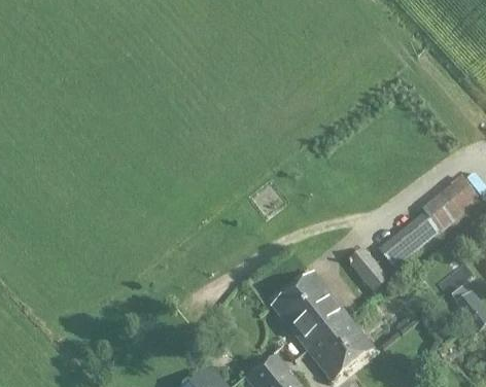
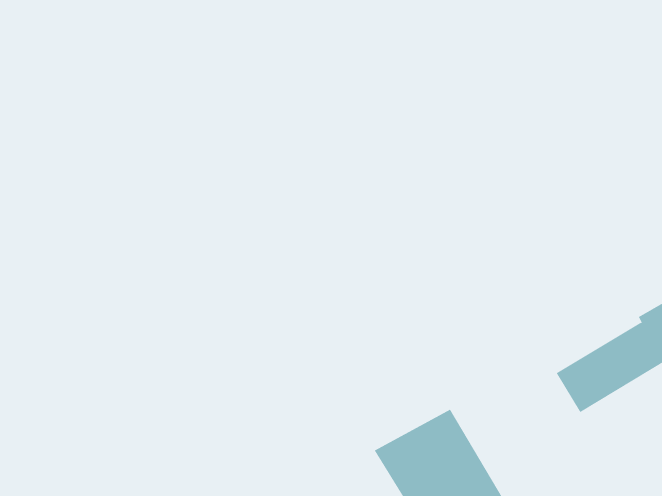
building: [345,246,387,290] -> none

